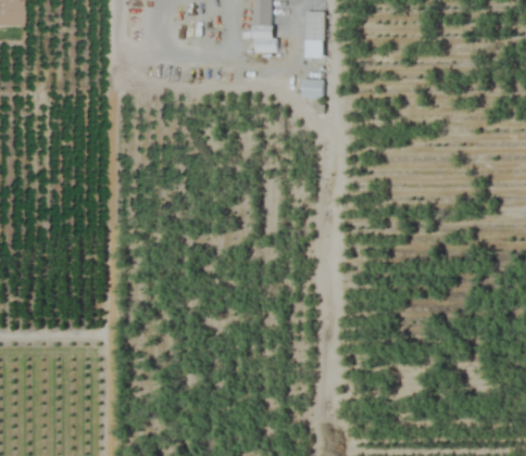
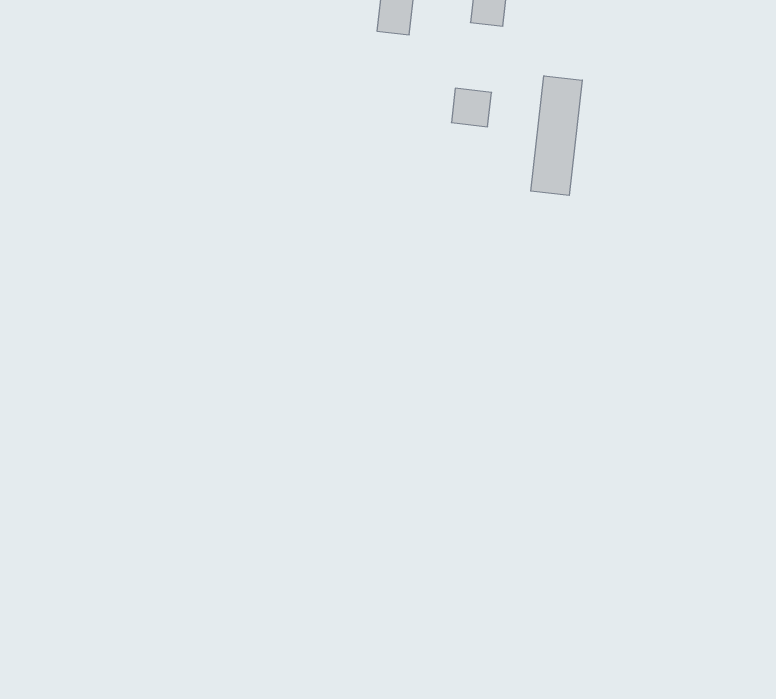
building: none -> [531,76,582,195]

